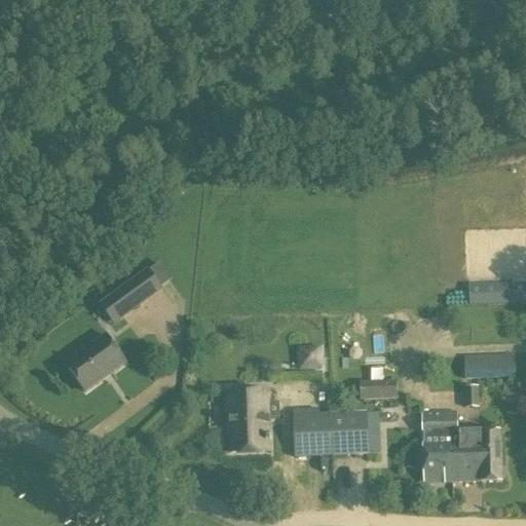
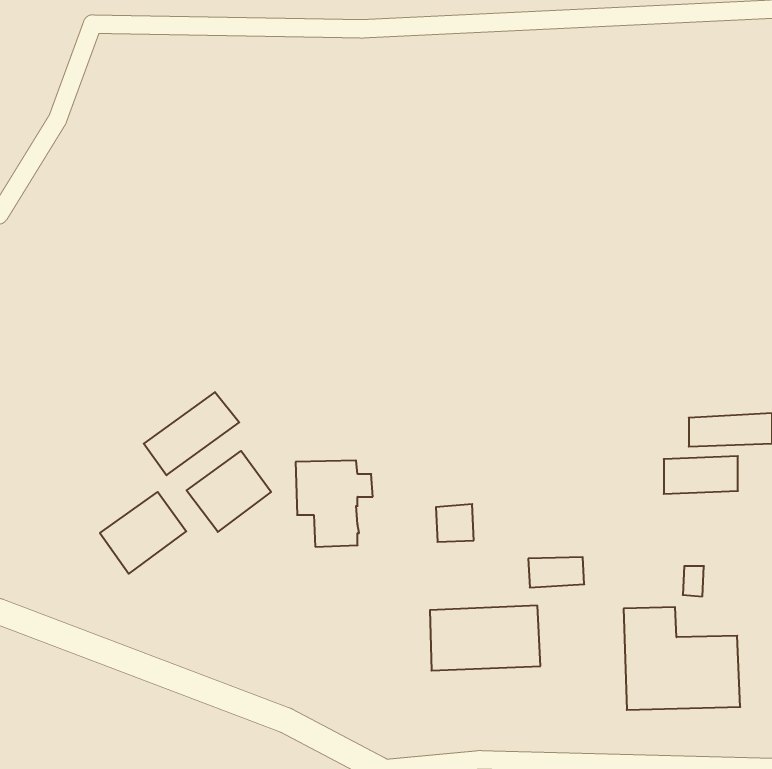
building: none -> [187,451,271,532]
building: [463,352,514,378] -> [664,456,738,494]
building: [226,391,278,450] -> [296,460,373,547]

